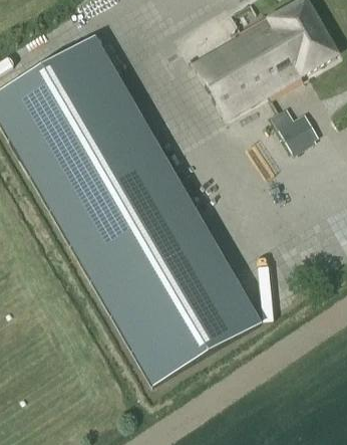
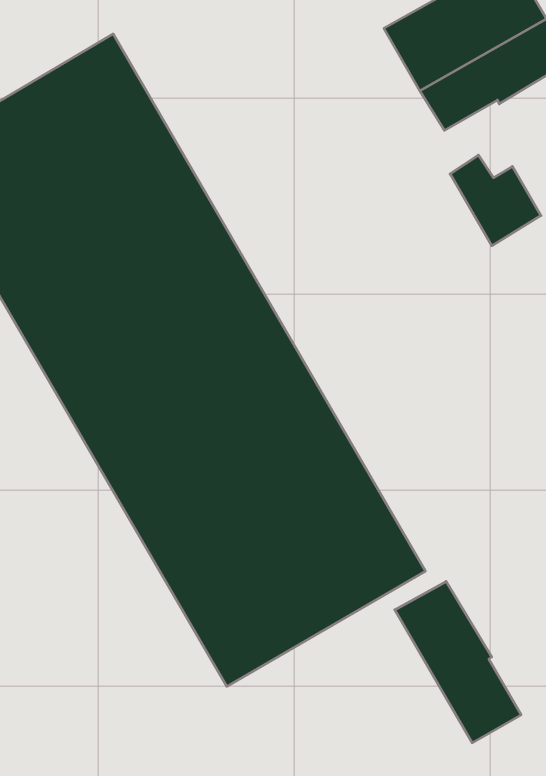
building: [195,34,270,115] -> none
building: none -> [395,581,521,743]

